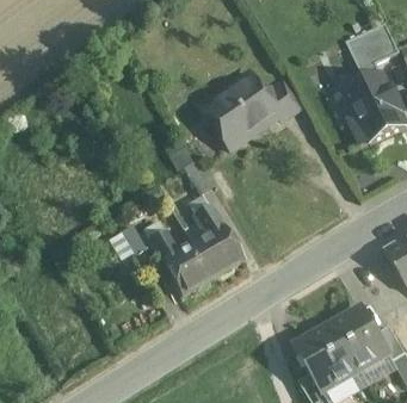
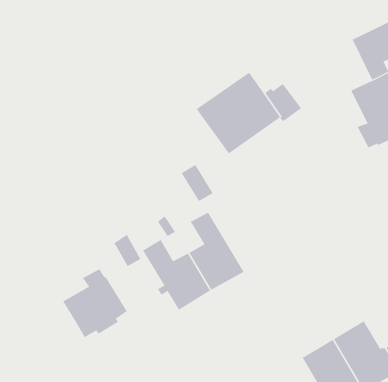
building: none -> [63,269,127,338]

